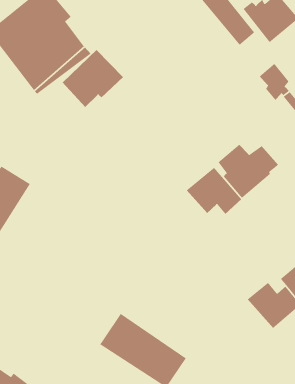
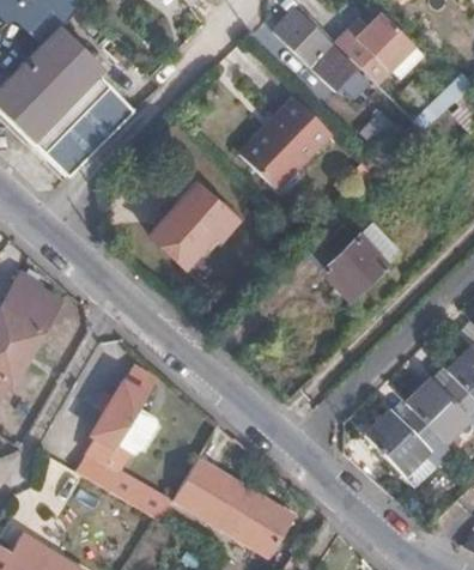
building: none -> [242,97,332,187]
building: [62,49,124,108] -> [152,184,236,265]
building: [186,167,242,215] -> none
building: none -> [75,369,171,519]

